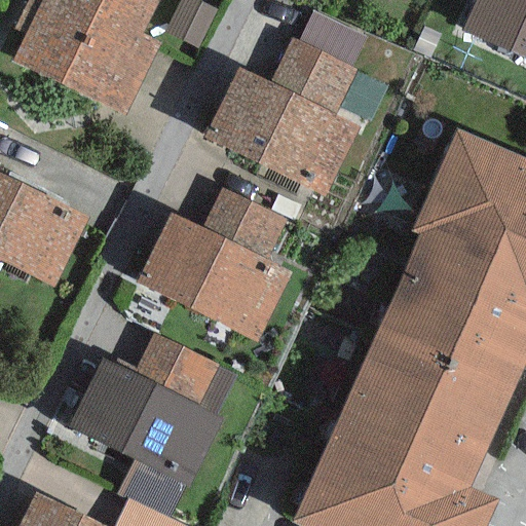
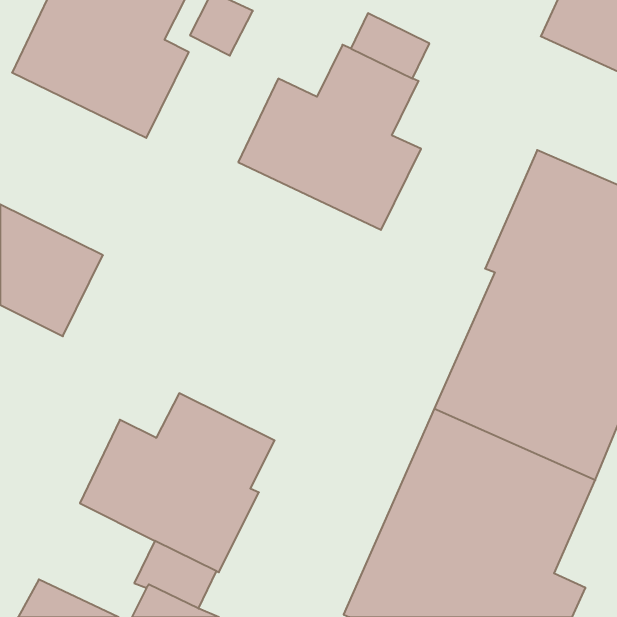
building: [137,187,292,343] -> none

